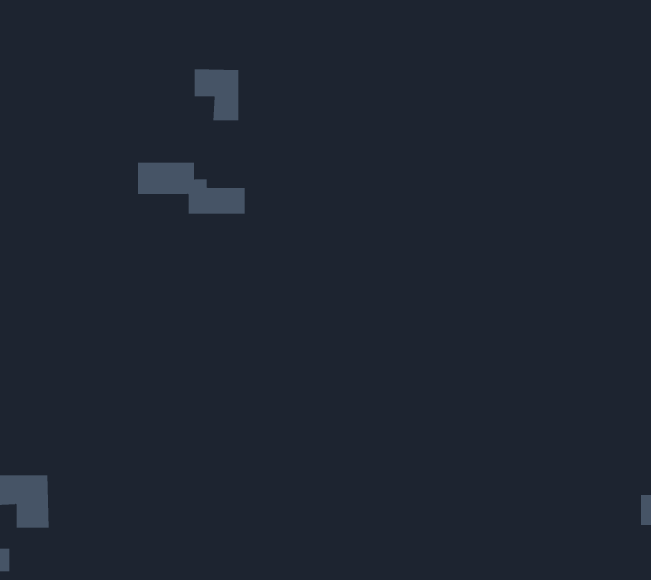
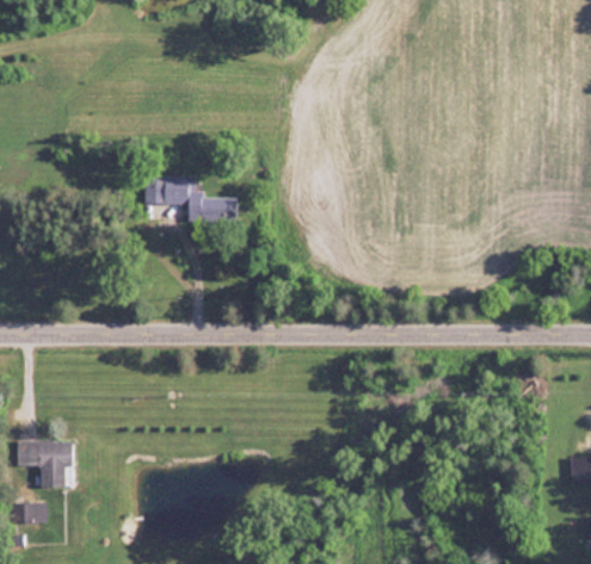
building: [194,68,239,121] -> none

